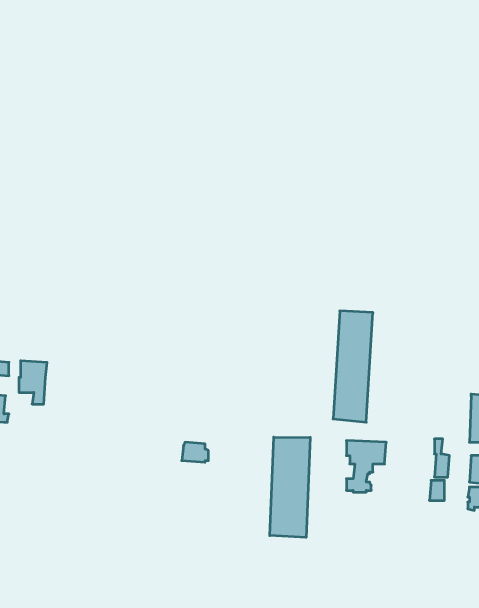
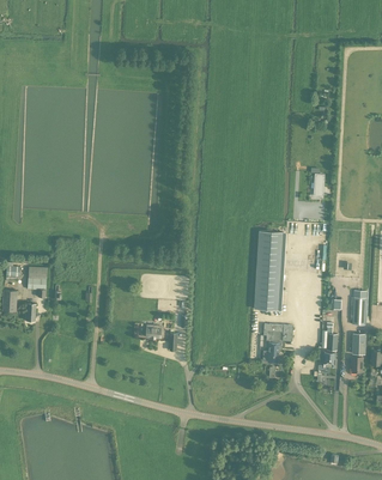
building: [270,437,310,537] -> none

